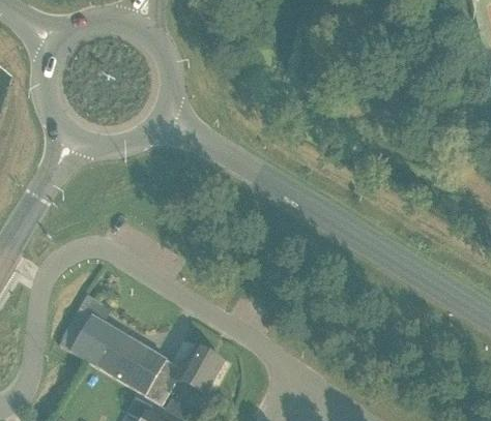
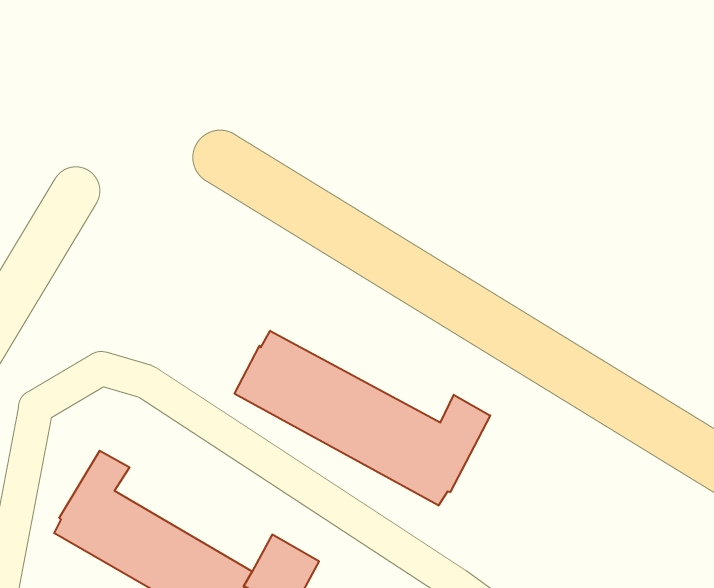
building: none -> [235,331,490,506]

